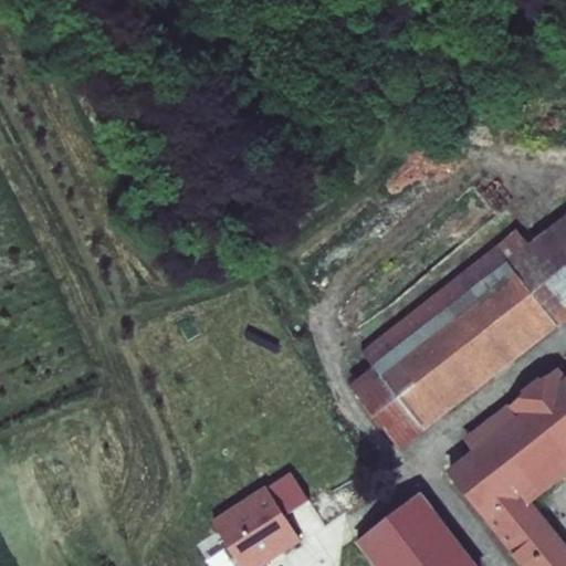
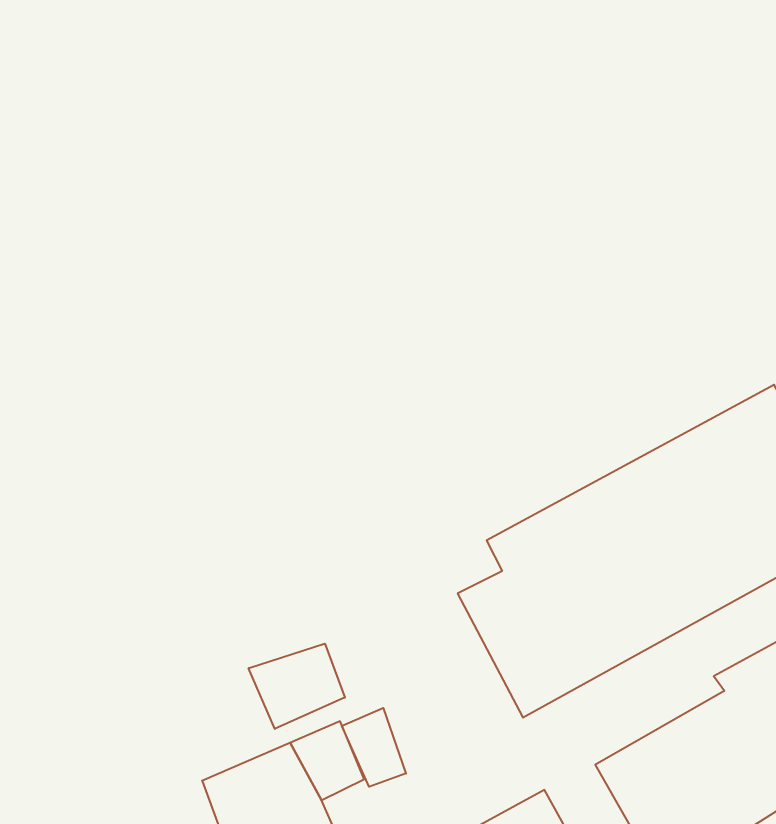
building: none -> [249,644,345,729]
building: none -> [342,708,406,787]

